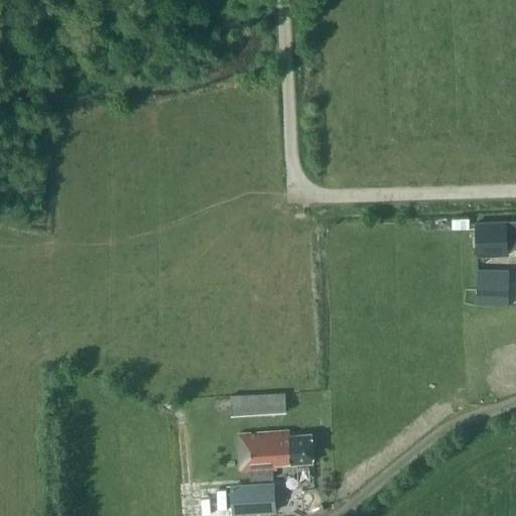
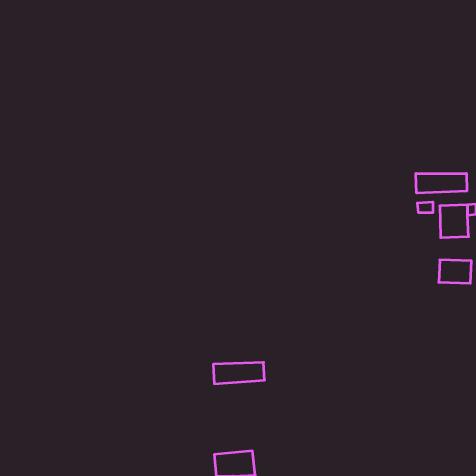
building: none -> [416,173,467,193]
building: [238,431,313,481] -> none

